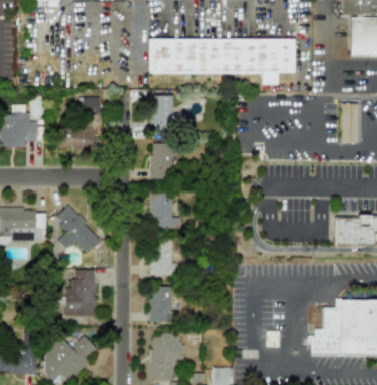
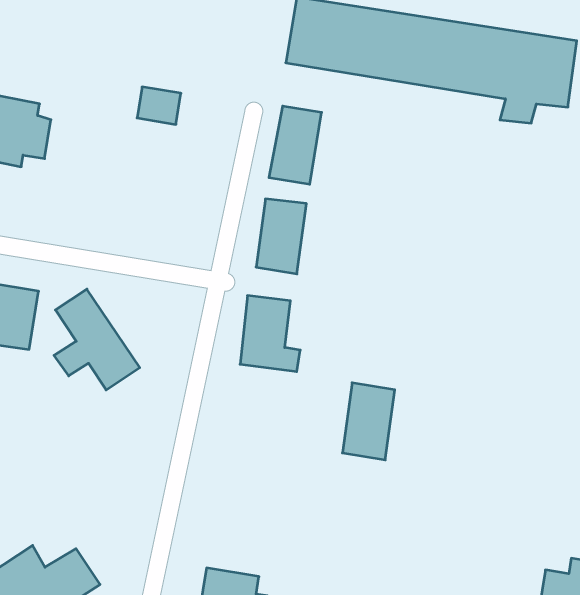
building: [58,128,98,150] -> none
building: [151,240,174,276] -> [342,383,395,460]
building: [66,270,96,316] -> none
building: [151,287,172,323] -> none

